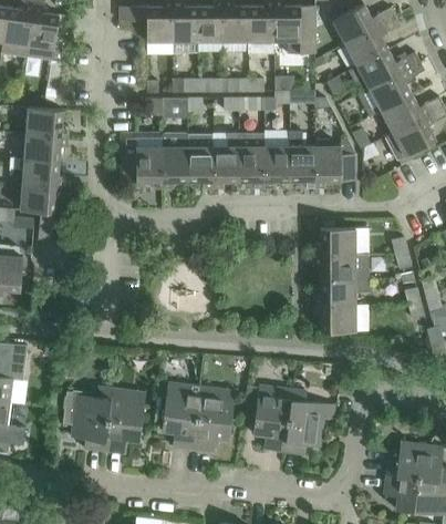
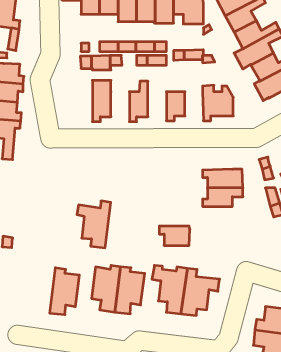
building: [289,130,315,186] -> none
building: [122,131,163,187] -> none
building: [239,132,265,187] -> none
building: [188,146,214,187] -> none
building: [314,227,355,254] -> none
building: [314,304,356,330] -> [159,226,190,245]
building: [65,386,112,450] -> [77,201,111,248]

